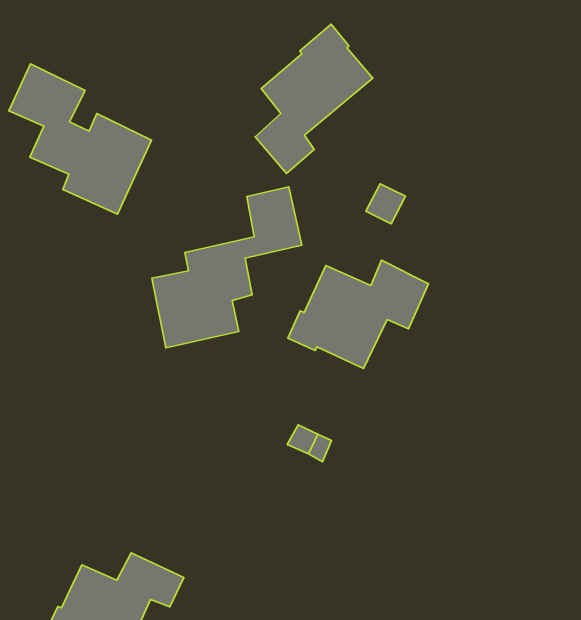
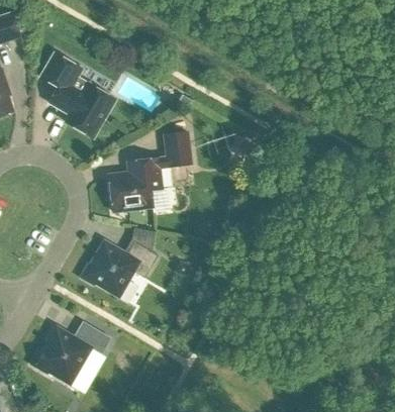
building: [255,24,373,173] -> none
building: [288,260,428,368] -> [80,239,159,297]

